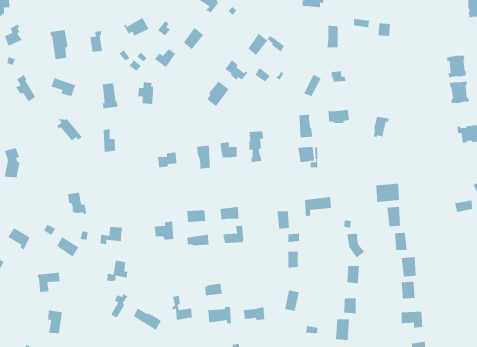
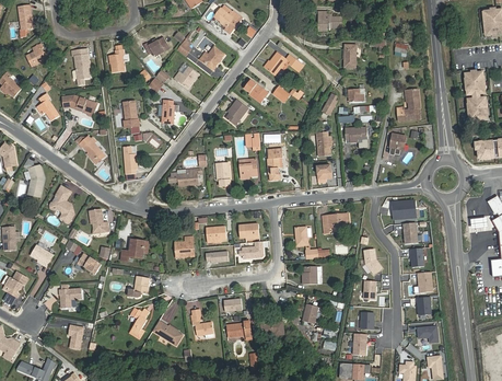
building: none -> [397,88,420,120]
building: none -> [48,185,75,220]

